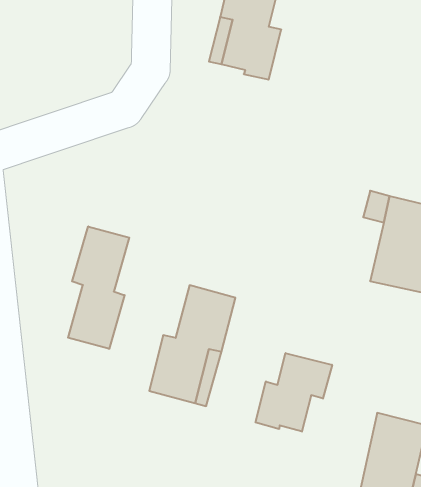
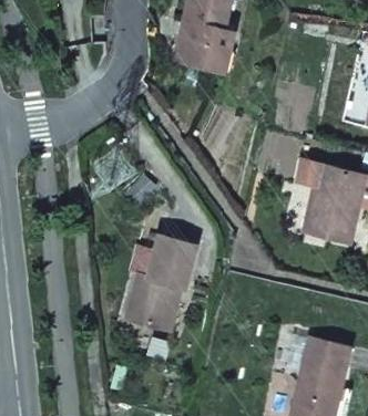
building: [68,226,129,349] -> none
building: [256,353,332,432] -> none

